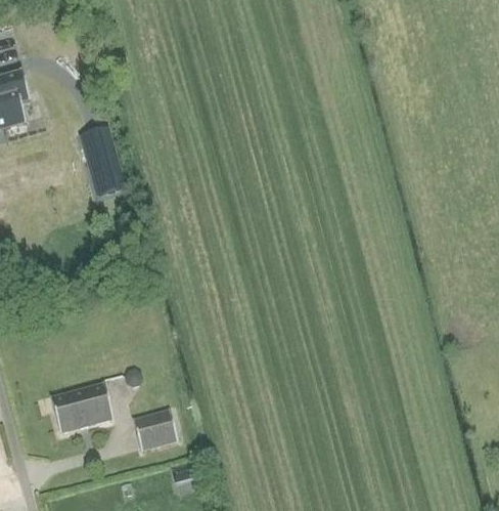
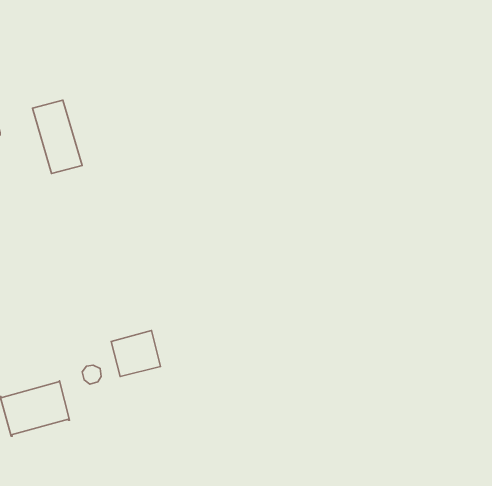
building: [131,408,176,450] -> [111,330,161,377]

